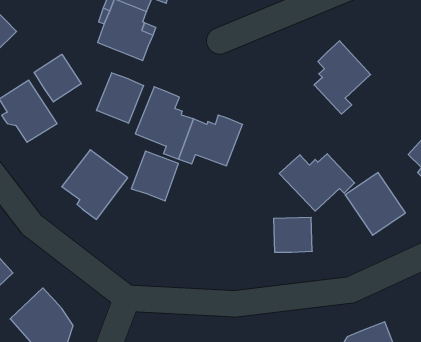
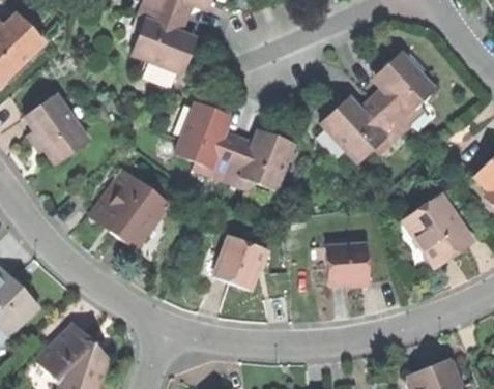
building: [34,54,81,102] -> none
building: [97,73,144,123] -> none
building: [131,151,178,201] -> [214,236,266,291]
building: [279,154,355,211] -> [319,99,402,162]

